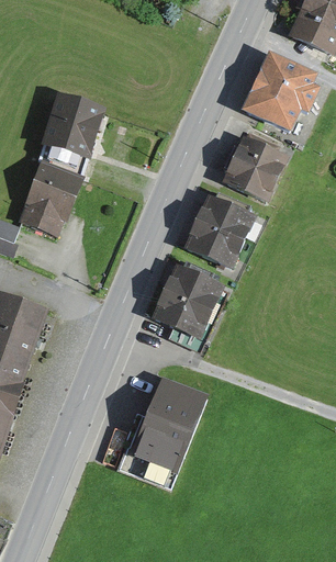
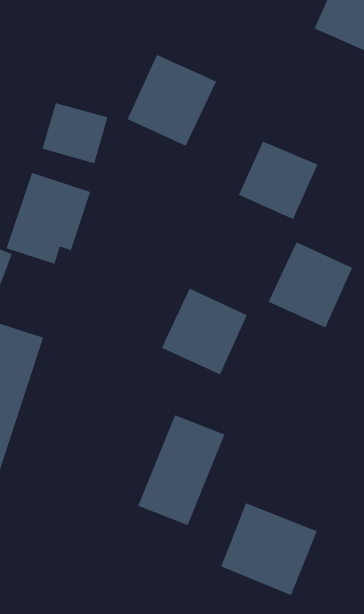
building: [238,53,318,135] -> [127,54,217,147]
building: [182,194,258,271] -> [268,241,353,328]
building: none -> [220,502,318,596]

